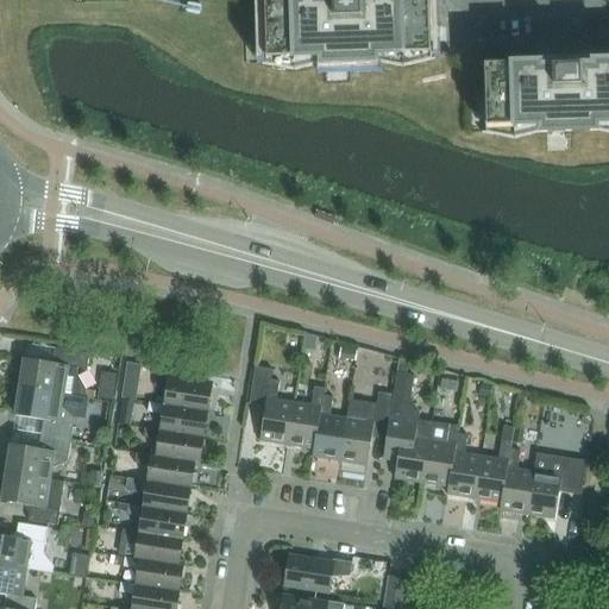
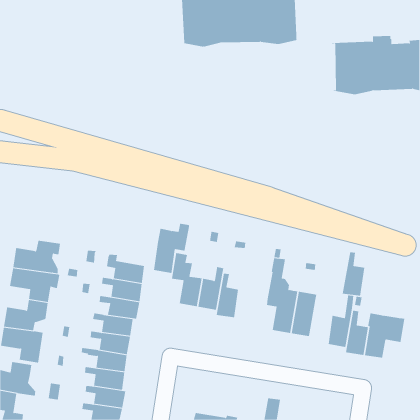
building: [339,390,393,463] -> [153,223,190,274]
building: [446,432,479,496] -> [342,252,365,296]
building: [283,554,352,590] -> none

